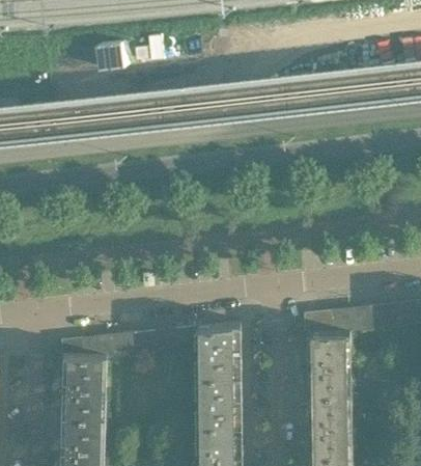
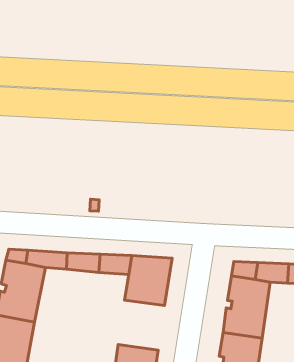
building: [197,374,242,423] -> none

